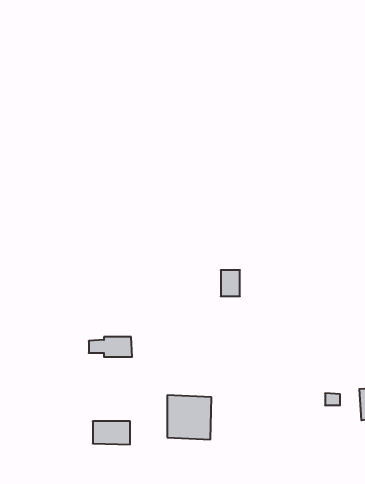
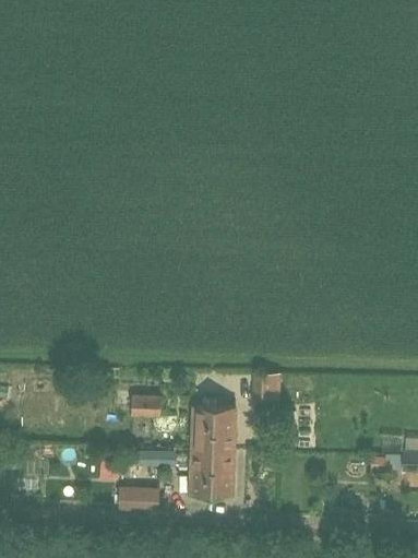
building: [221,270,240,296] -> [258,377,278,405]
building: none -> [190,407,239,453]

